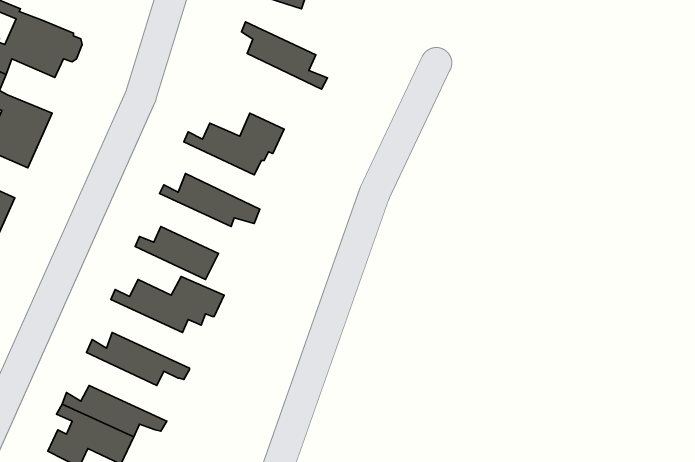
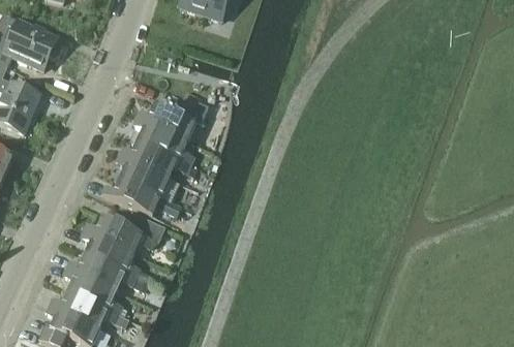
building: [241,22,327,89] -> [133,115,195,163]
building: none -> [115,152,171,195]
building: none -> [81,228,146,280]
building: none -> [62,266,125,315]

